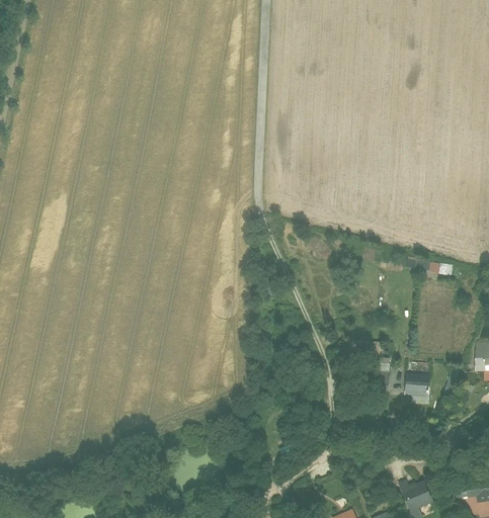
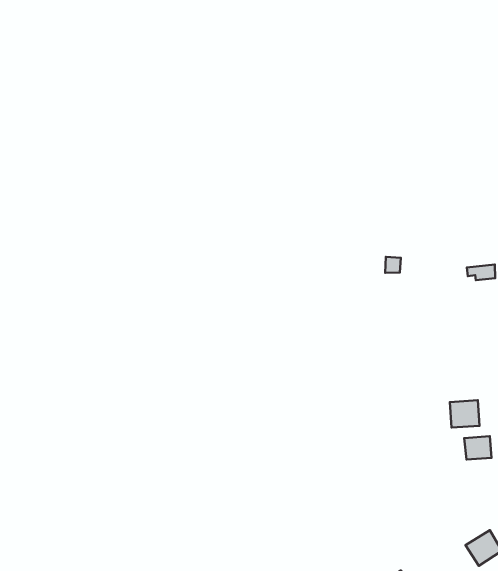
building: none -> [464,436,491,460]

